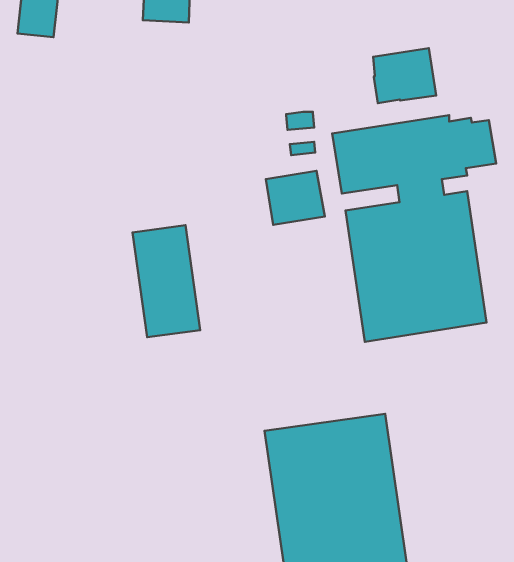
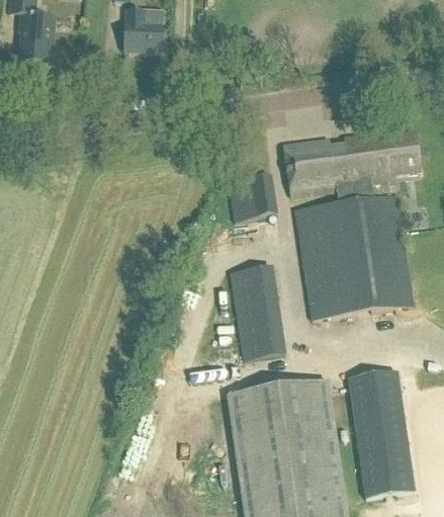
building: [373,48,436,103] -> none
building: [133,225,200,337] -> [229,265,285,359]
building: none -> [346,369,415,498]

